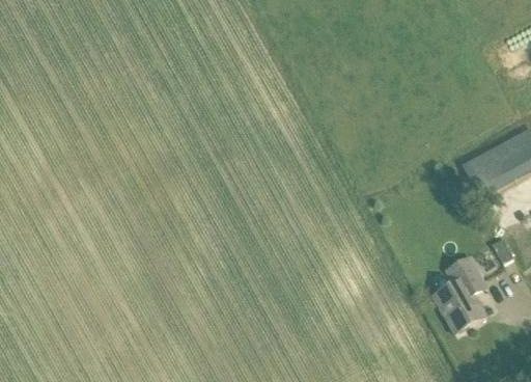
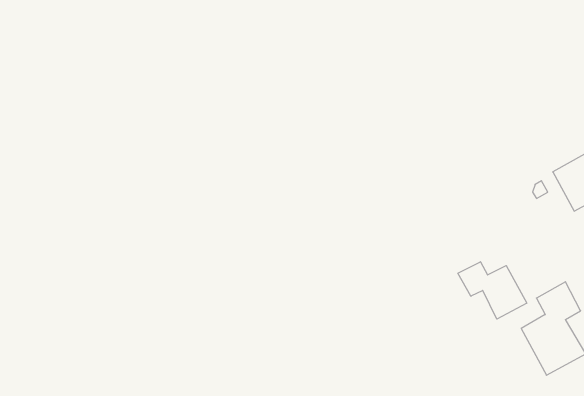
building: none -> [458,262,527,319]

